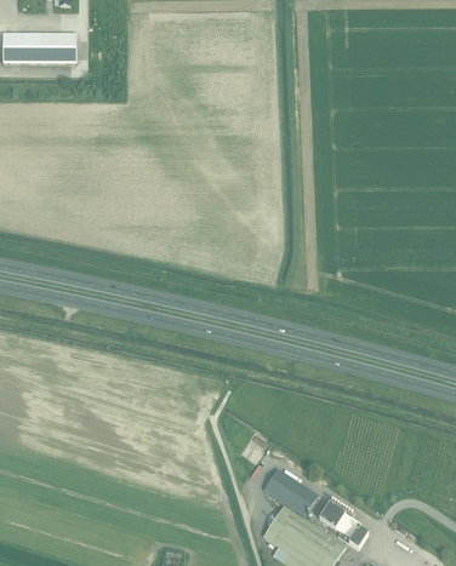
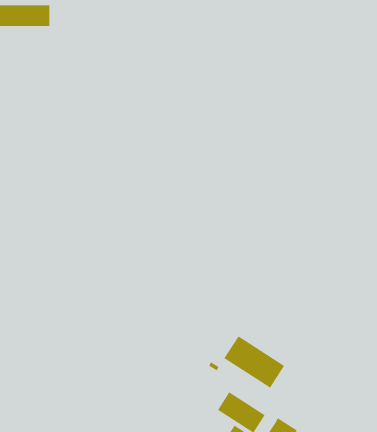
building: none -> [224,335,285,388]

